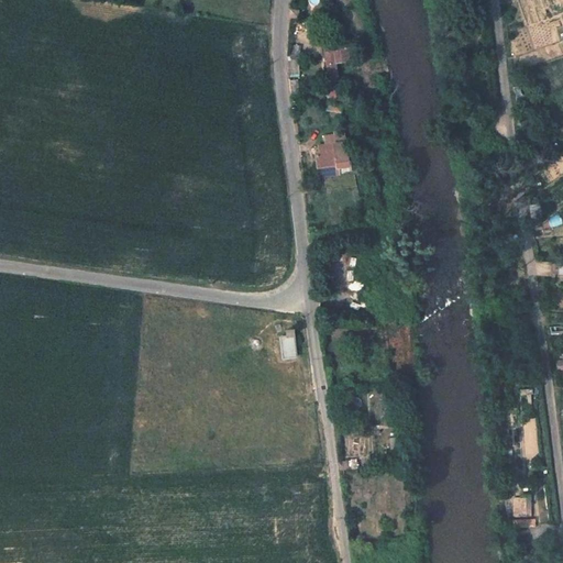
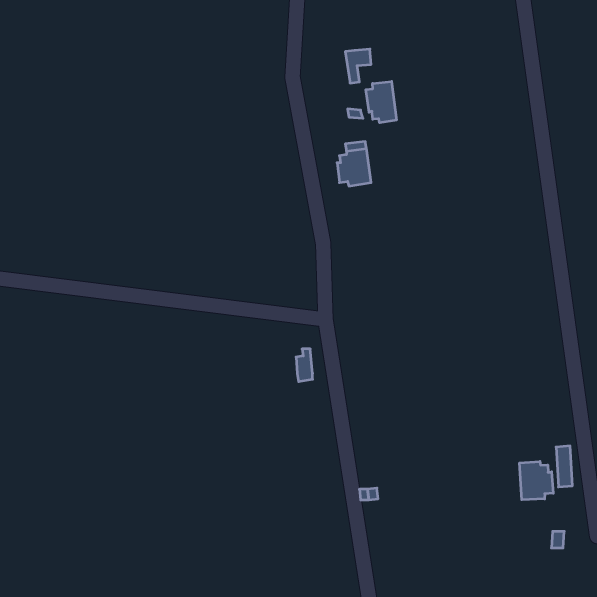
building: none -> [366,81,396,123]
building: none -> [520,461,553,500]

